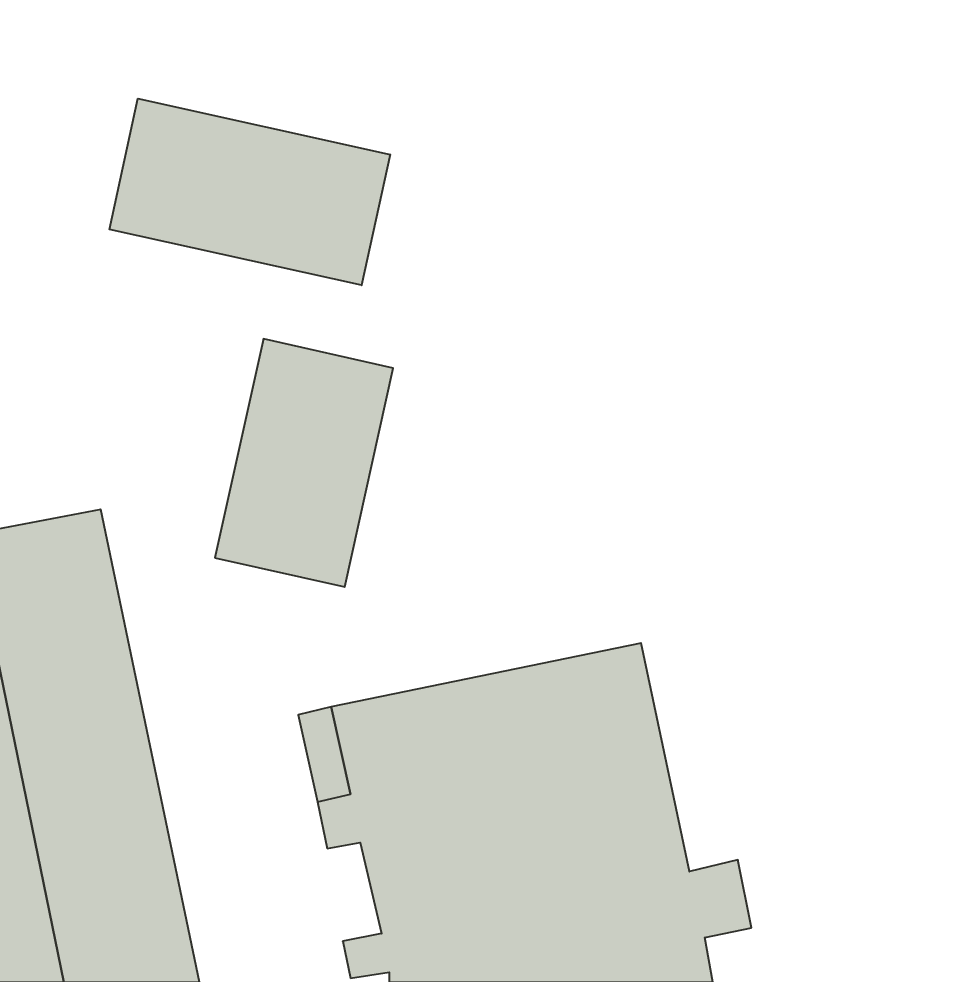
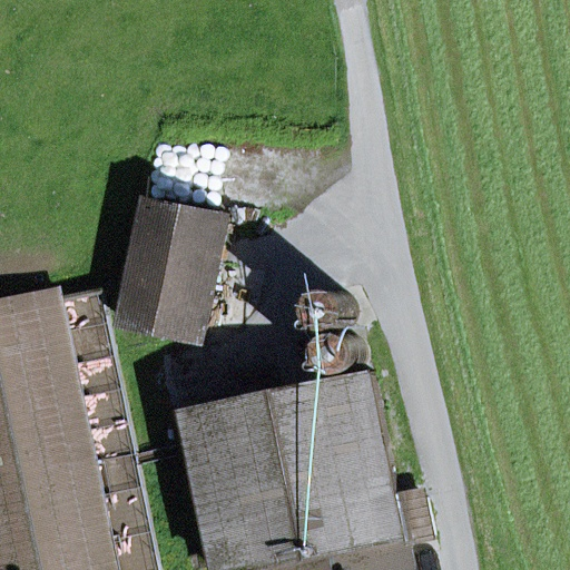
building: [109,99,390,285] -> none

